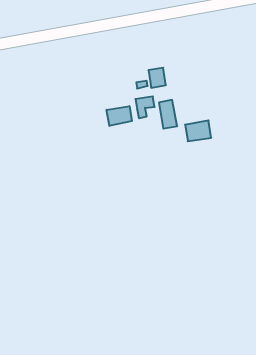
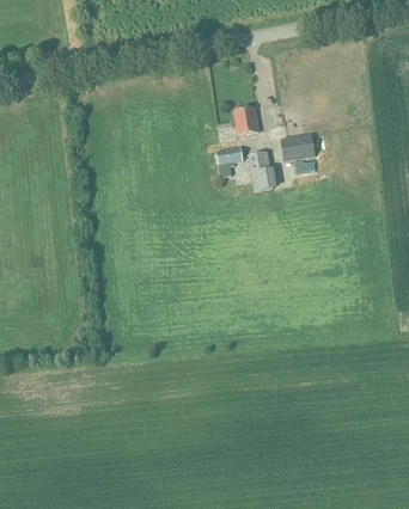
building: [107,106,132,126] -> none
building: [185,120,211,141] -> [280,133,316,161]

